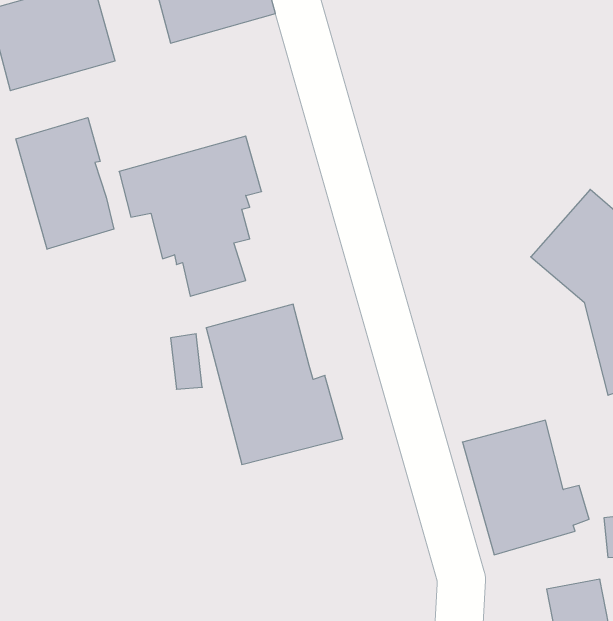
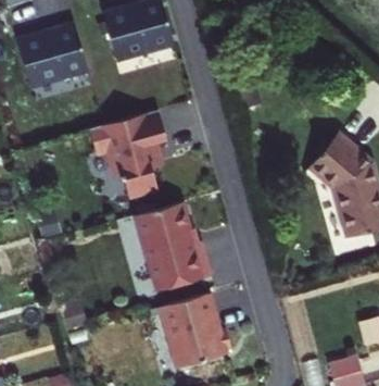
building: [16,118,114,249] -> none
building: [462,420,589,555] -> [164,296,233,370]

